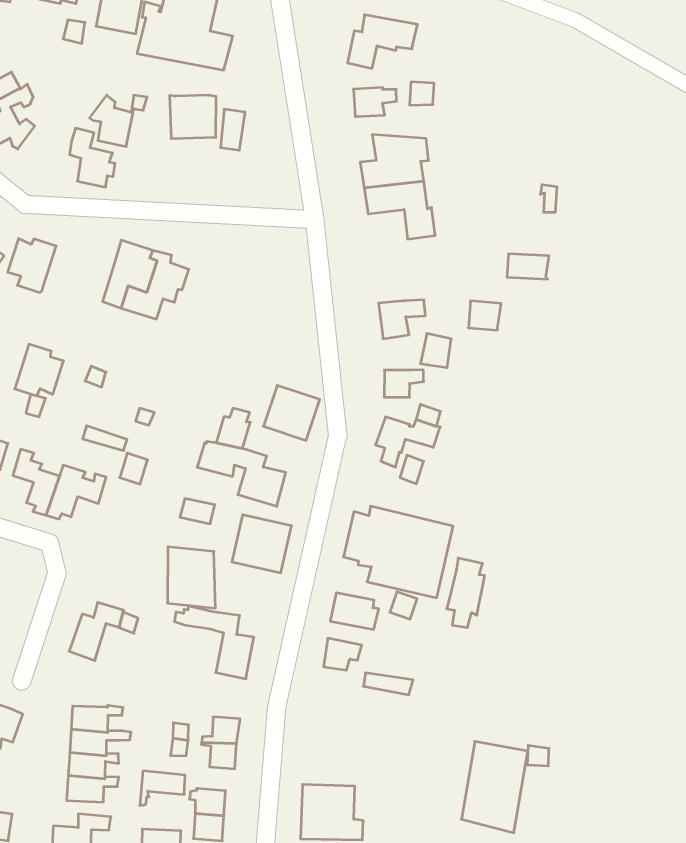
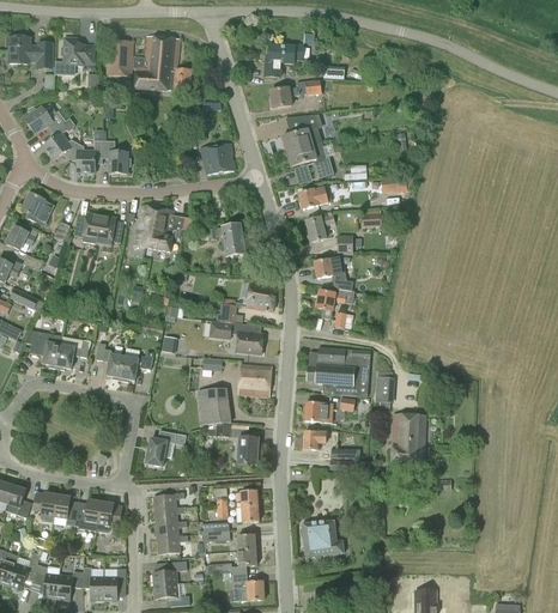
building: [90,95,147,147] -> [68,140,102,172]
building: [170,95,216,138] -> [201,144,233,174]
building: none -> [297,182,330,208]
building: none -> [205,223,245,256]
building: [15,344,64,396] -> [96,214,123,245]
building: [461,741,528,833] -> [390,413,425,466]

